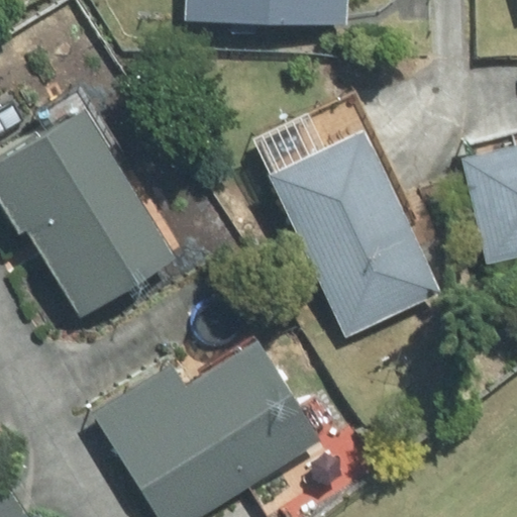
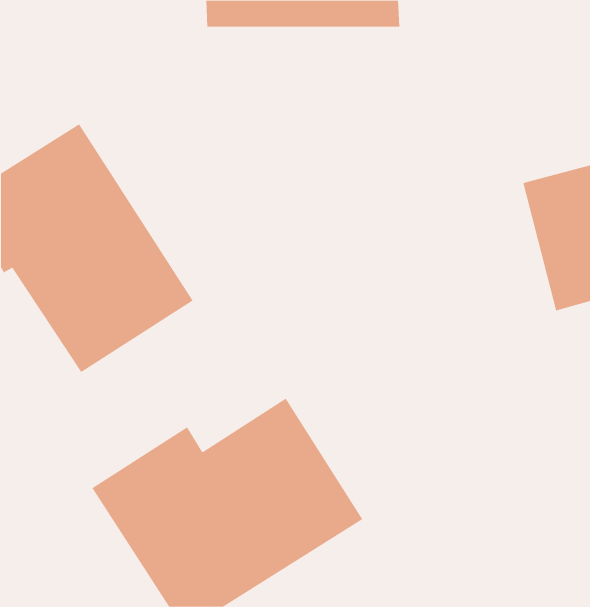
building: [263,125,445,339] -> none

